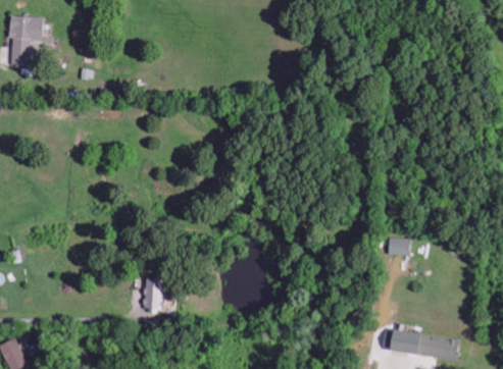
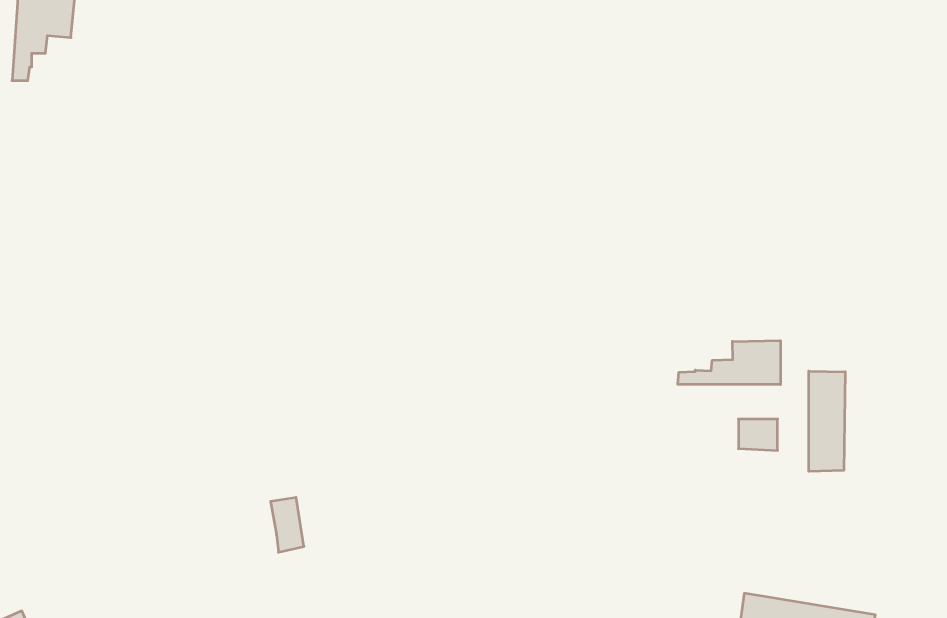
building: none -> [678,341,780,385]
building: none -> [809,371,845,471]

